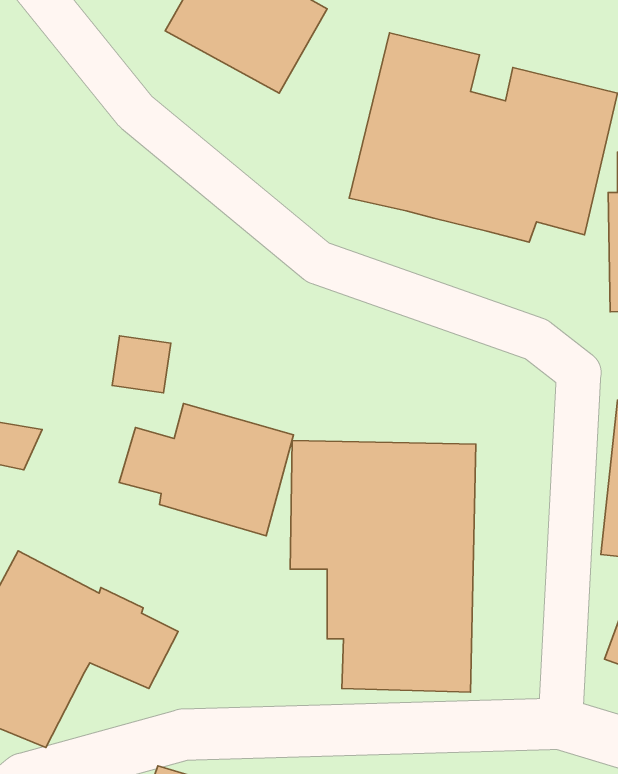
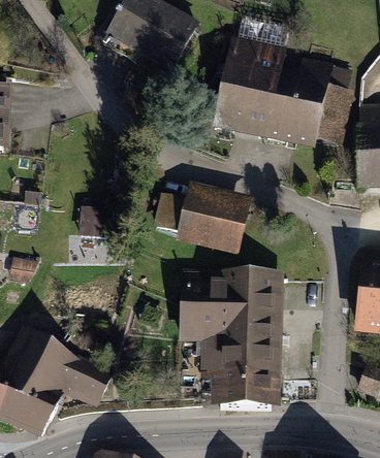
building: [119,404,294,536] -> [152,177,250,252]

